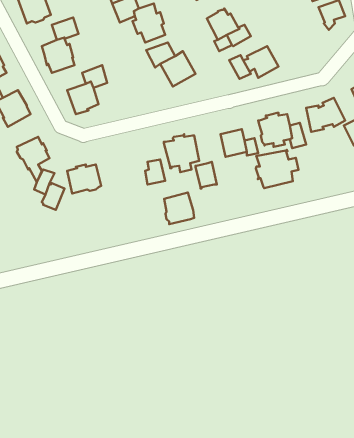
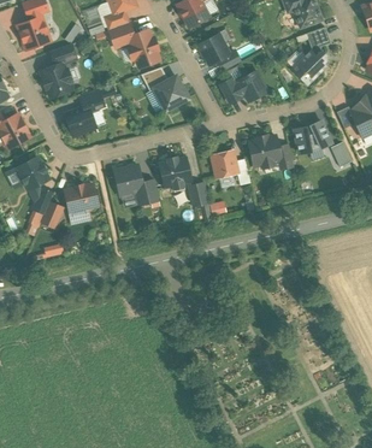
building: none -> [291,49,326,86]
building: [256,150,299,188] -> none
building: [164,193,194,224] -> [114,165,143,195]

